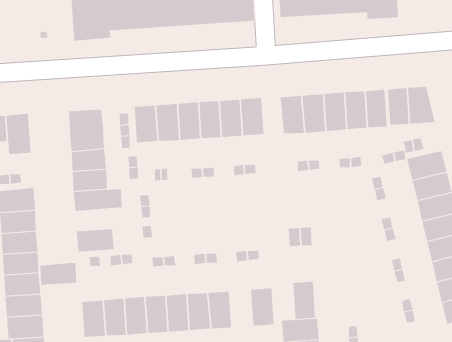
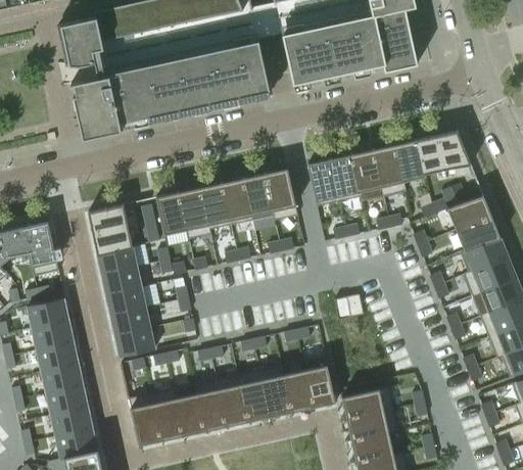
building: [39,263,77,285] -> [110,308,152,336]
building: [292,281,316,320] -> [283,370,313,413]

